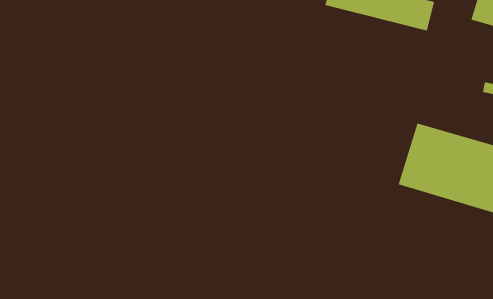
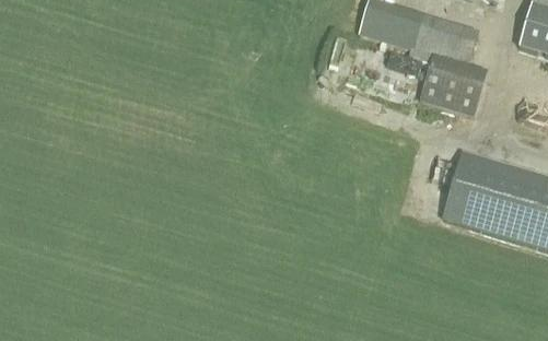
building: none -> [420,56,487,124]

